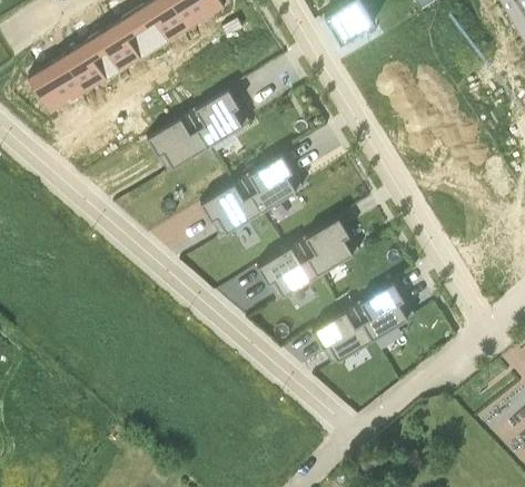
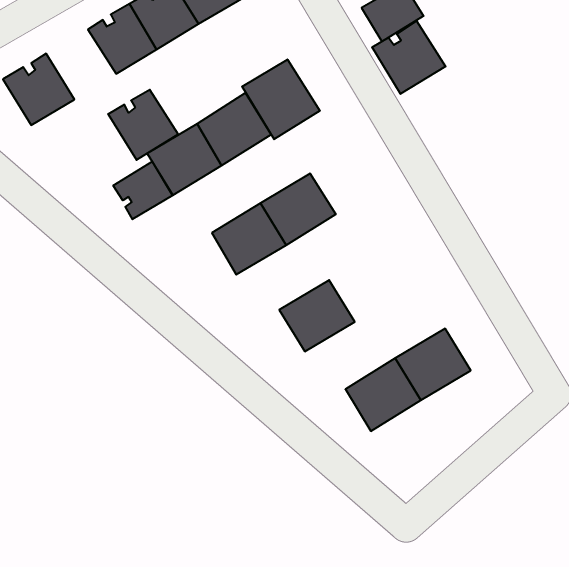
building: none -> [372,21,446,94]
building: [66,31,123,89] -> [108,90,178,160]
building: none -> [242,59,320,139]
building: none -> [113,161,172,219]
building: [299,214,361,273] -> none

